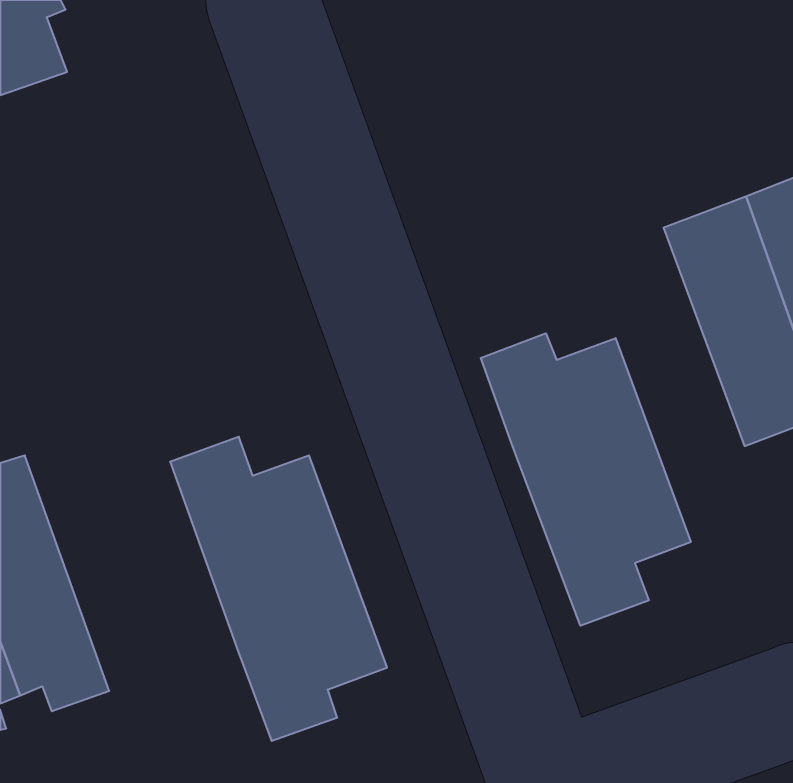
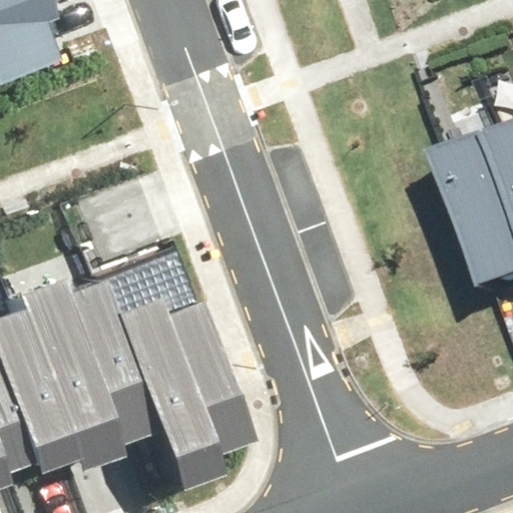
building: [481,333,691,626] -> none
building: none -> [15,273,155,467]

